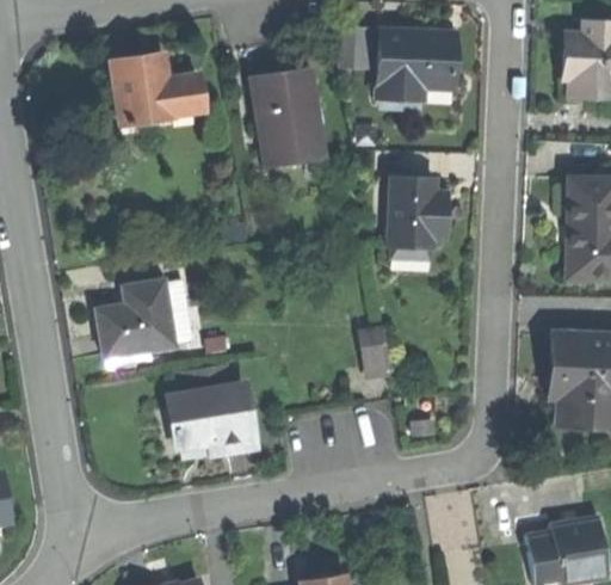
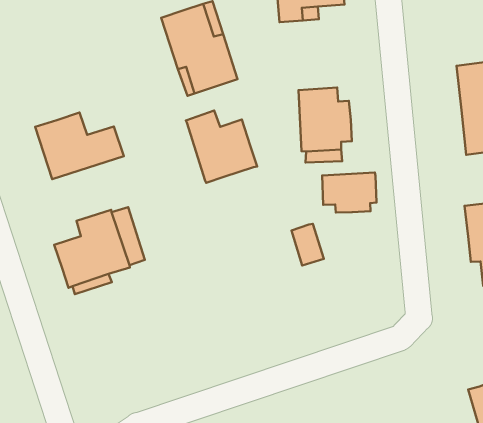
building: [111,55,204,124] -> [35,112,124,179]
building: none -> [186,110,257,183]
building: none -> [322,172,377,213]
building: [169,383,253,448] -> none

